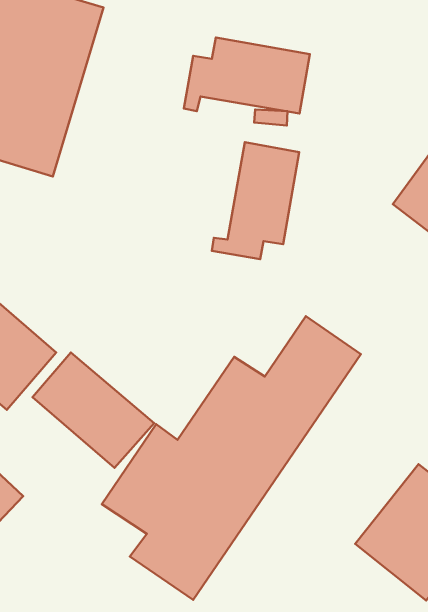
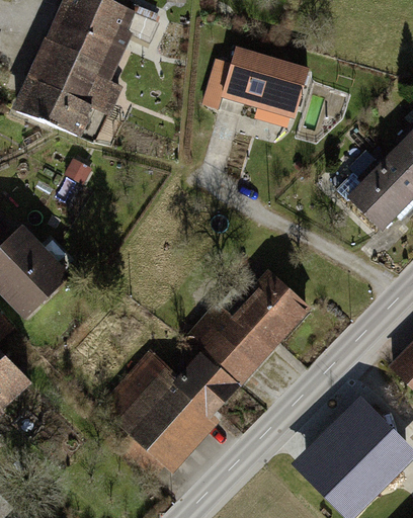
building: [212,142,299,259] -> none
building: [32,352,154,468] -> none

